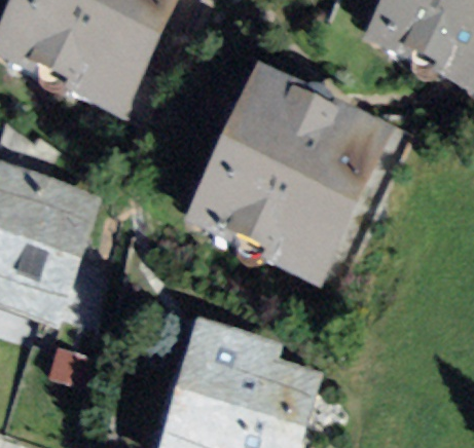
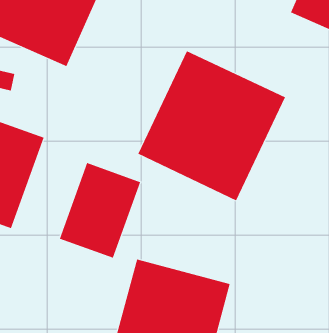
building: none -> [59,162,141,259]

